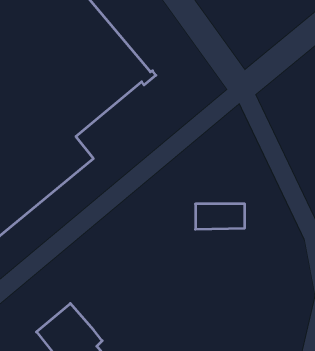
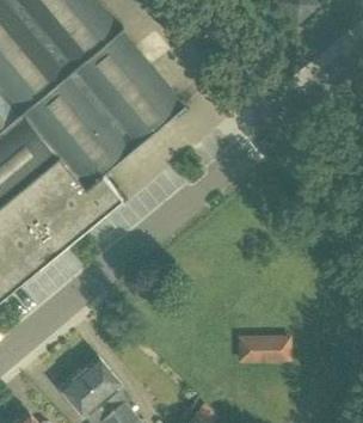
building: [195,204,245,229] -> [236,336,290,363]

